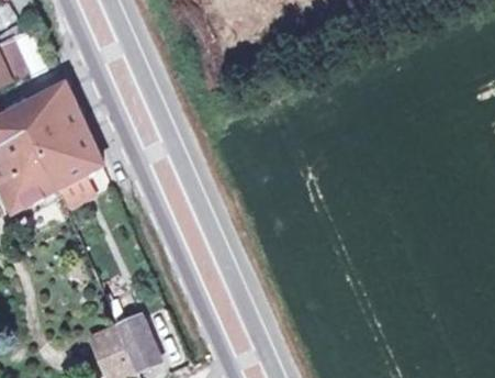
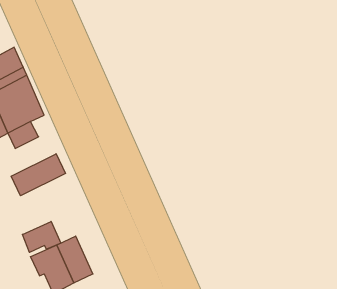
building: none -> [11,154,65,196]
building: none -> [22,221,61,252]

